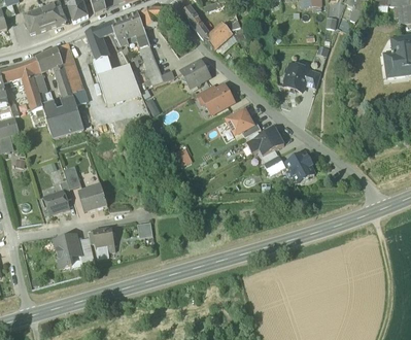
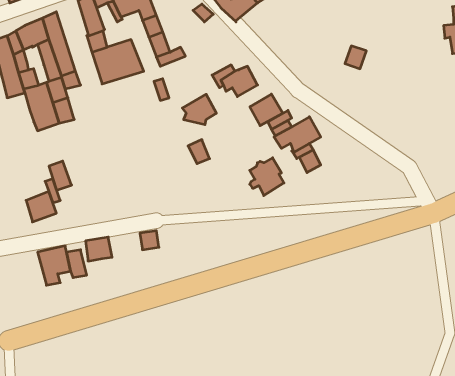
building: [180,61,208,86] -> [182,94,216,125]
building: [283,64,308,92] -> none
building: [285,151,313,182] -> [250,158,284,196]
building: [80,184,106,210] -> none

